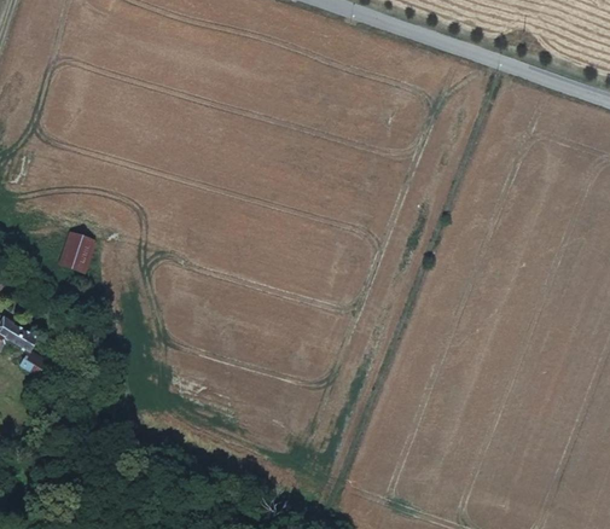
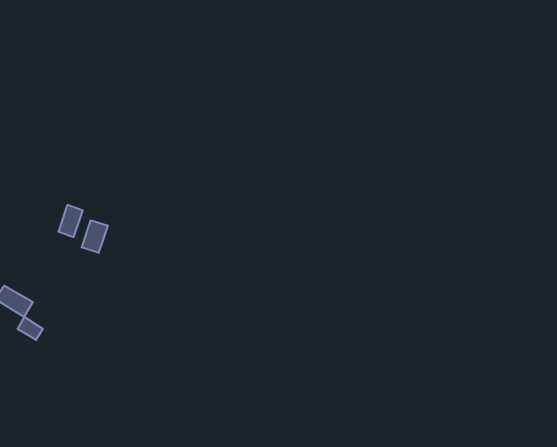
building: none -> [82,220,108,253]

